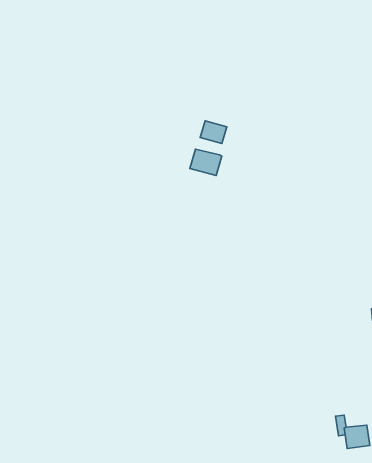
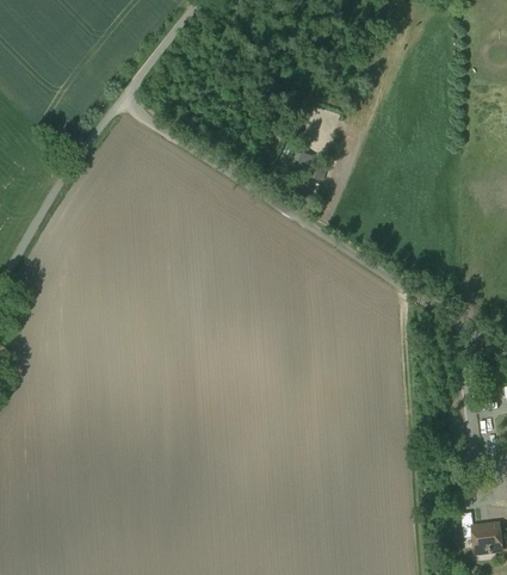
building: [190,149,222,176] -> none

